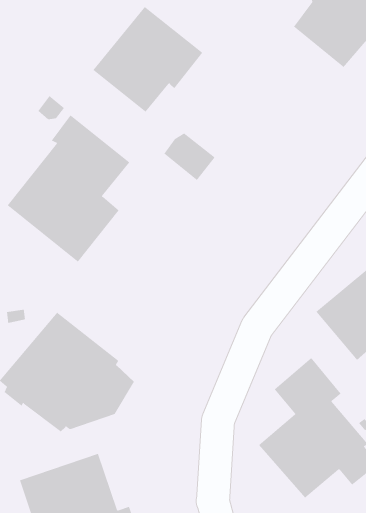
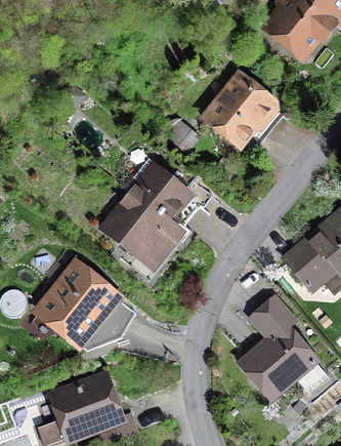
building: [93,6,203,113] -> [198,69,285,153]
building: [7,115,130,262] -> [98,158,196,275]

